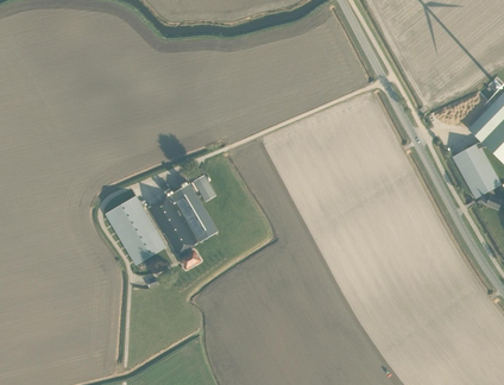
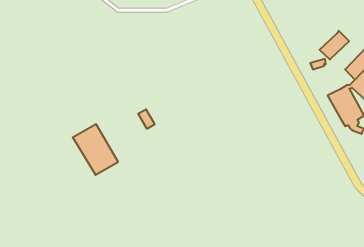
building: none -> [320,31,349,60]
building: [146,183,216,267] -> none

